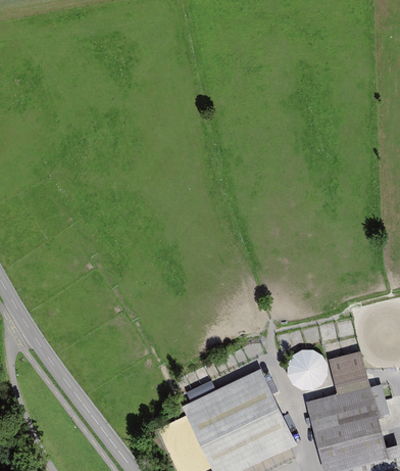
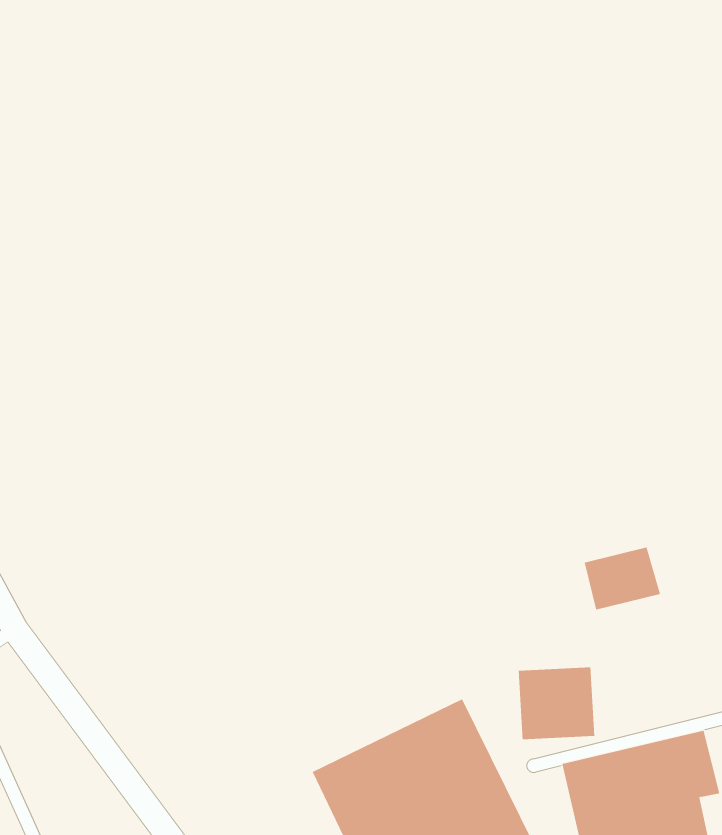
building: [327,351,366,384] -> [584,547,661,610]

